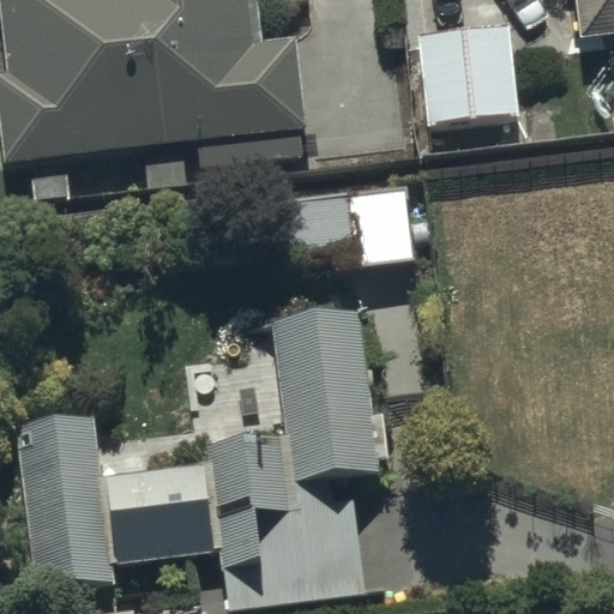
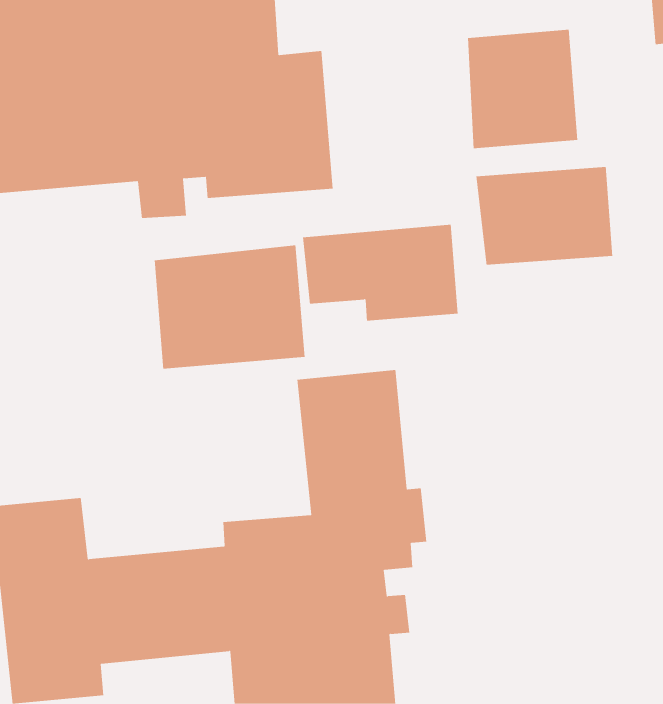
building: none -> [476,166,613,266]
building: none -> [154,245,305,370]

